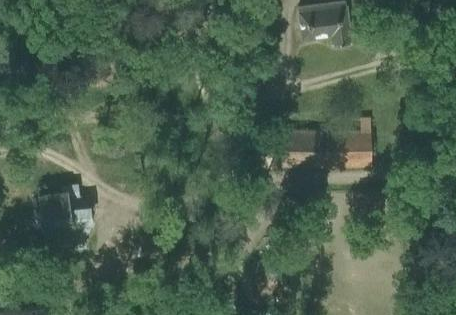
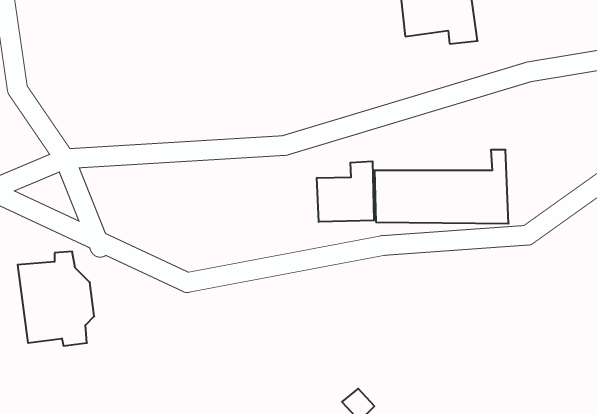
building: none -> [317,161,374,222]

